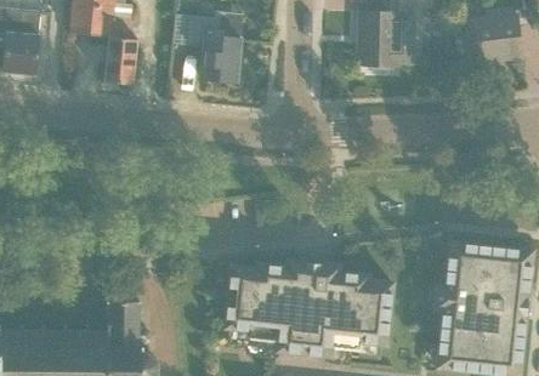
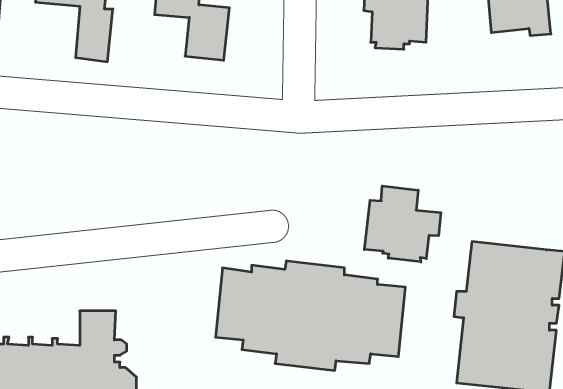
building: none -> [364,186,441,262]

